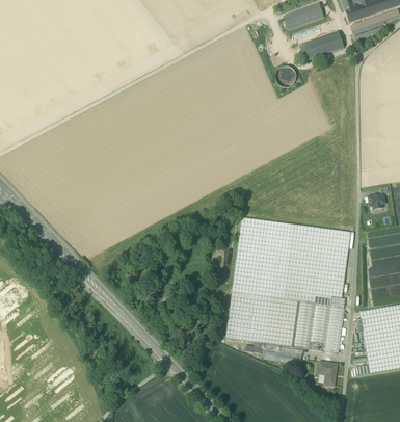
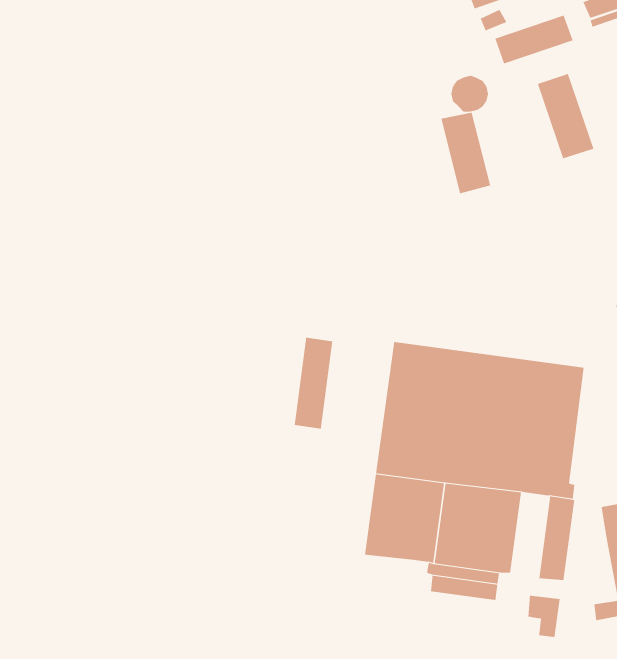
building: none -> [537,73,594,159]
building: none -> [441,112,491,194]
building: none -> [294,337,333,430]
building: [309,301,329,349] -> none

